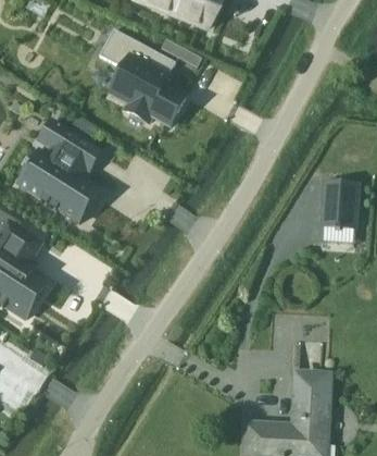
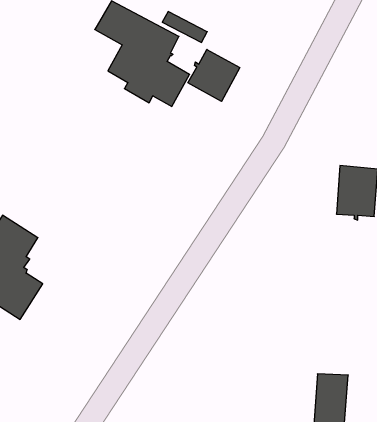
building: none -> [188,49,240,101]
building: [16,127,100,220] -> none

